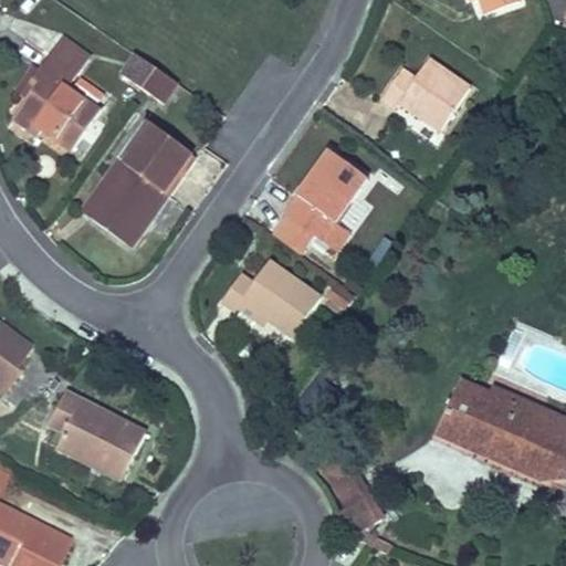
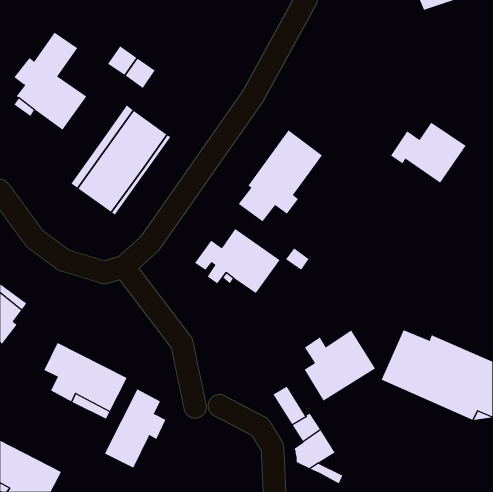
building: [382,59,470,129] -> [390,122,467,184]
building: none -> [304,330,376,401]
building: none -> [104,388,166,469]

